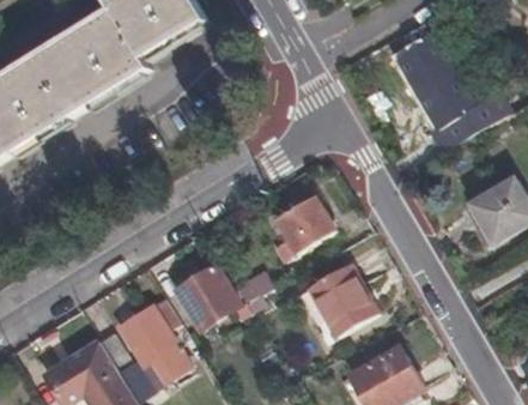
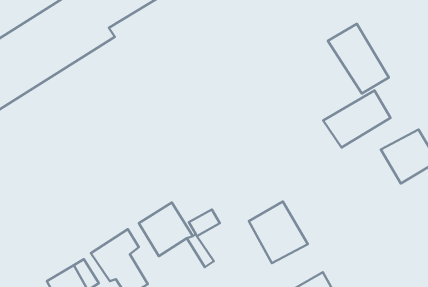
building: none -> [323,90,390,148]
building: [272,194,334,262] -> none

